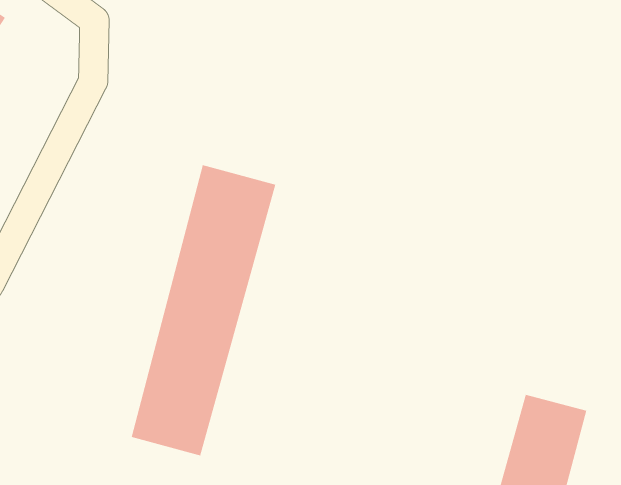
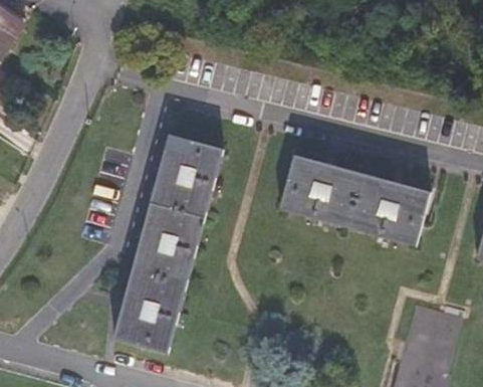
building: none -> [280,155,430,245]

